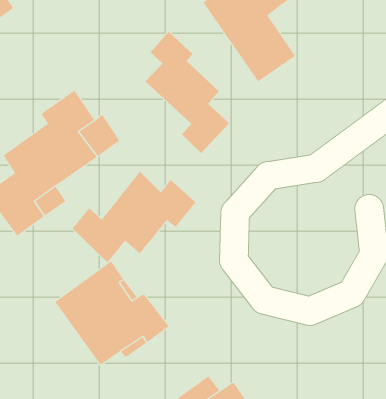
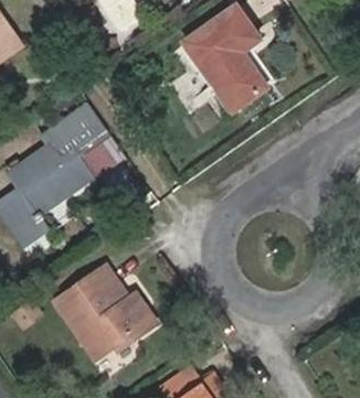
building: [145,31,230,154] -> none
building: [72,171,196,263] -> none

